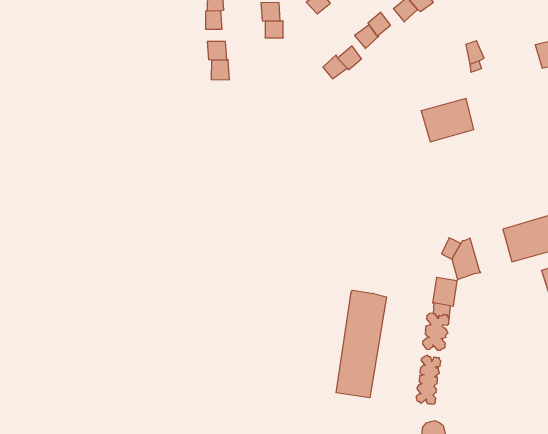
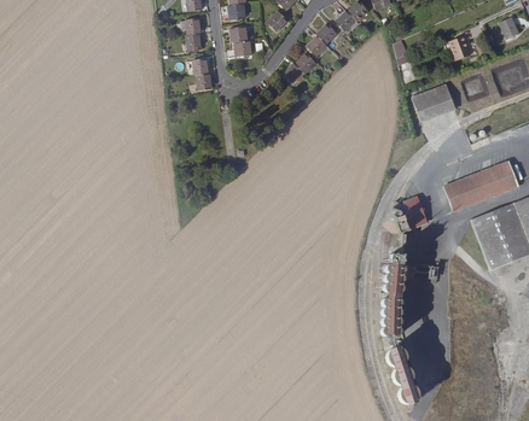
building: [421,98,474,142] -> [414,83,458,121]
building: [336,290,387,398] -> none

